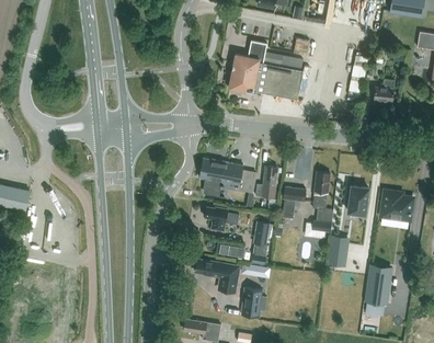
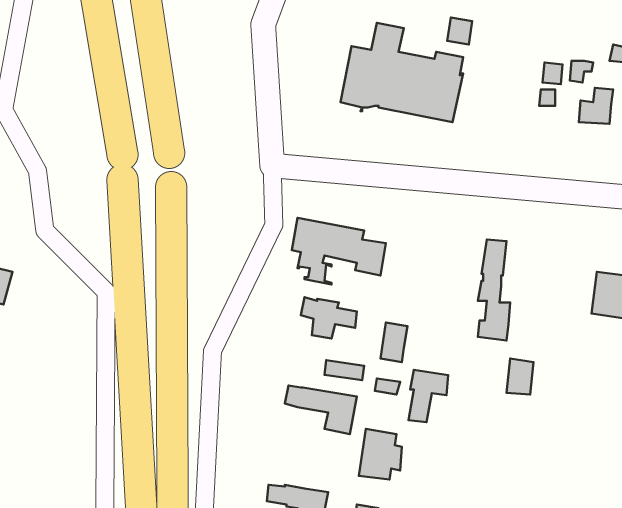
building: [255,167,277,198] -> none
building: [282,187,306,219] -> [408,370,448,422]
building: [347,188,368,217] -> none
building: [366,266,390,305] -> none

